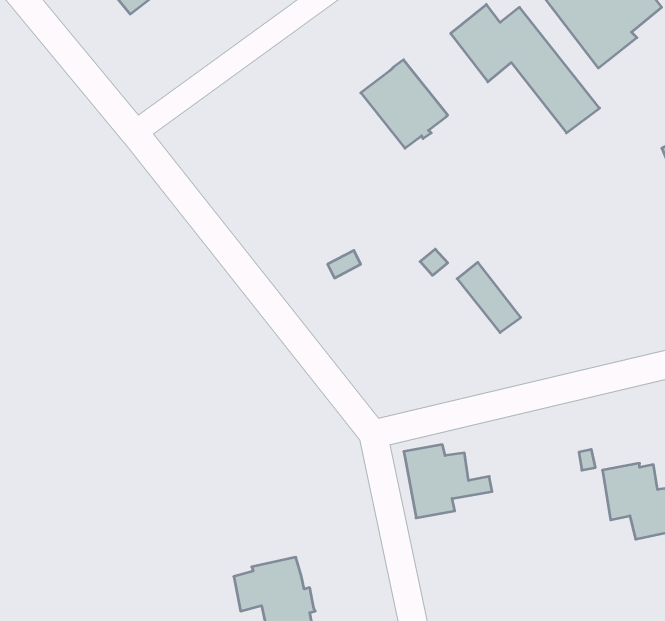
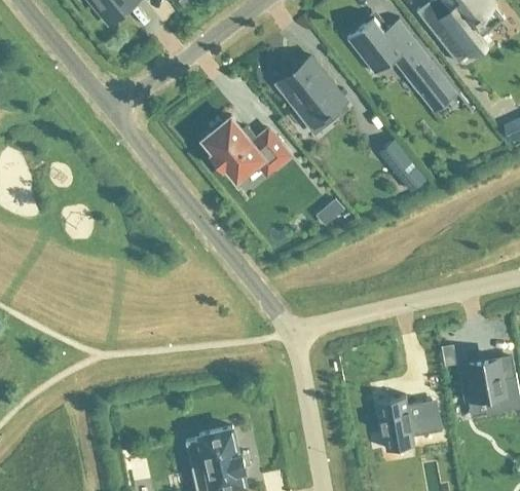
building: none -> [205,117,290,180]
building: [457,262,521,333] -> [379,140,426,192]
building: [404,445,492,518] -> [377,396,443,451]

